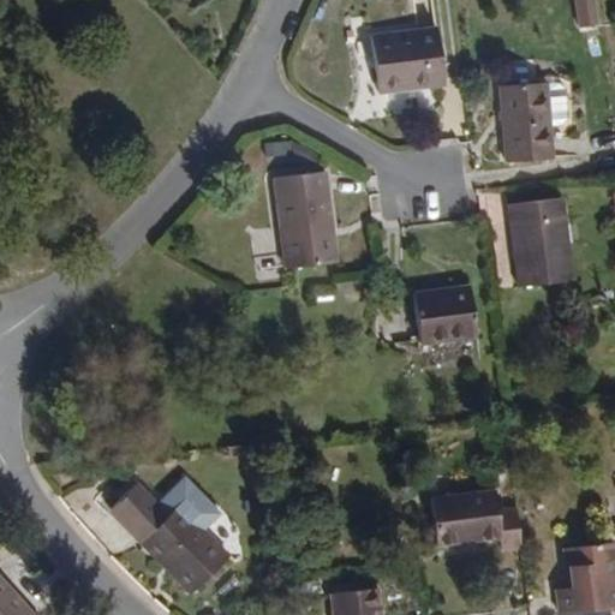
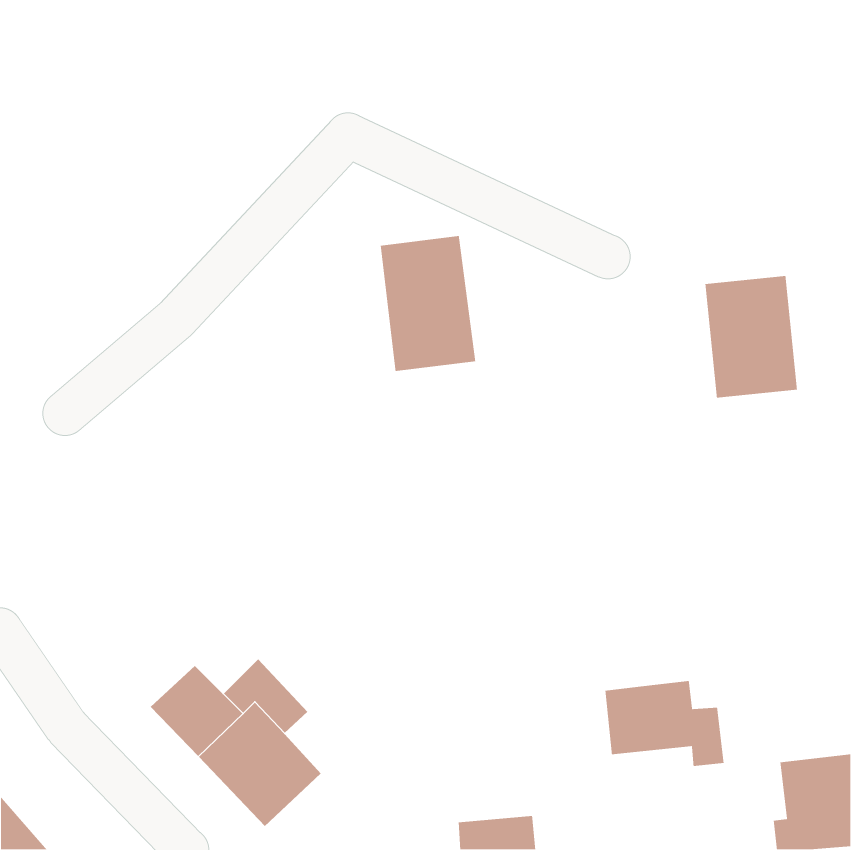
building: [372,30,442,91] -> none
building: [498,83,553,162] -> none
building: [417,283,478,341] -> none

